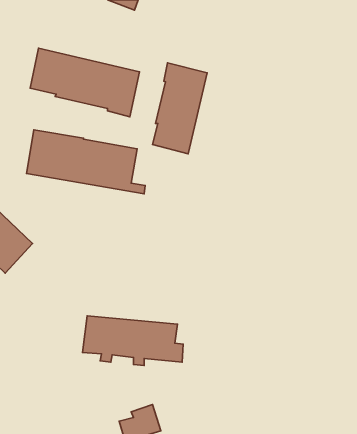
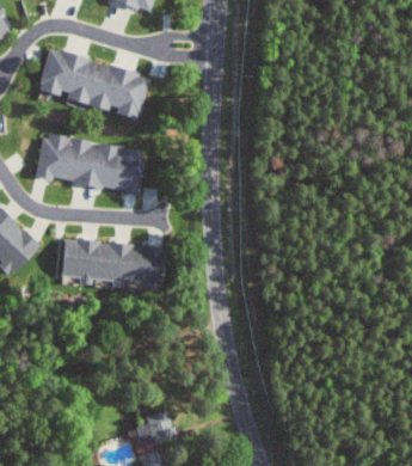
building: [153,63,207,154] -> none
building: [82,316,183,366] -> [66,240,167,290]

